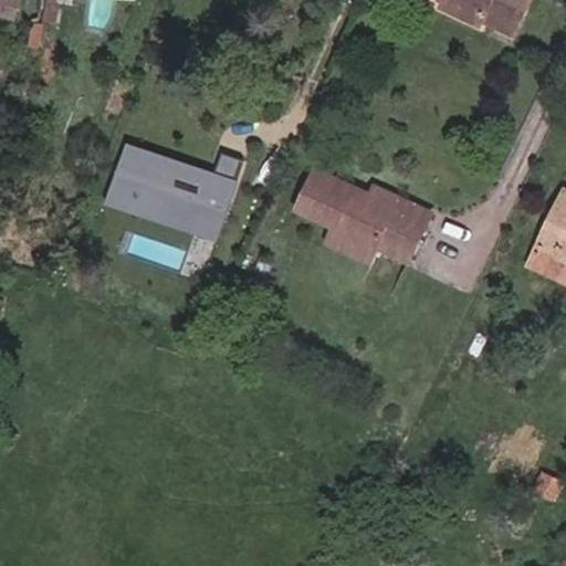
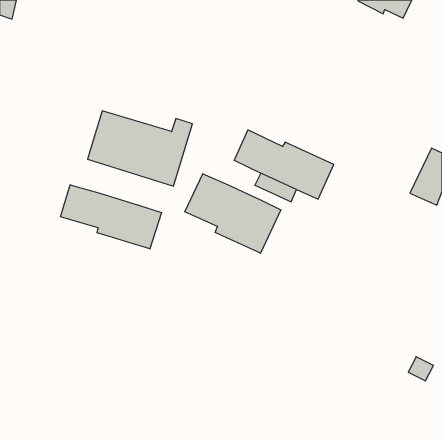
building: none -> [185,174,281,253]
building: none -> [60,185,161,249]

